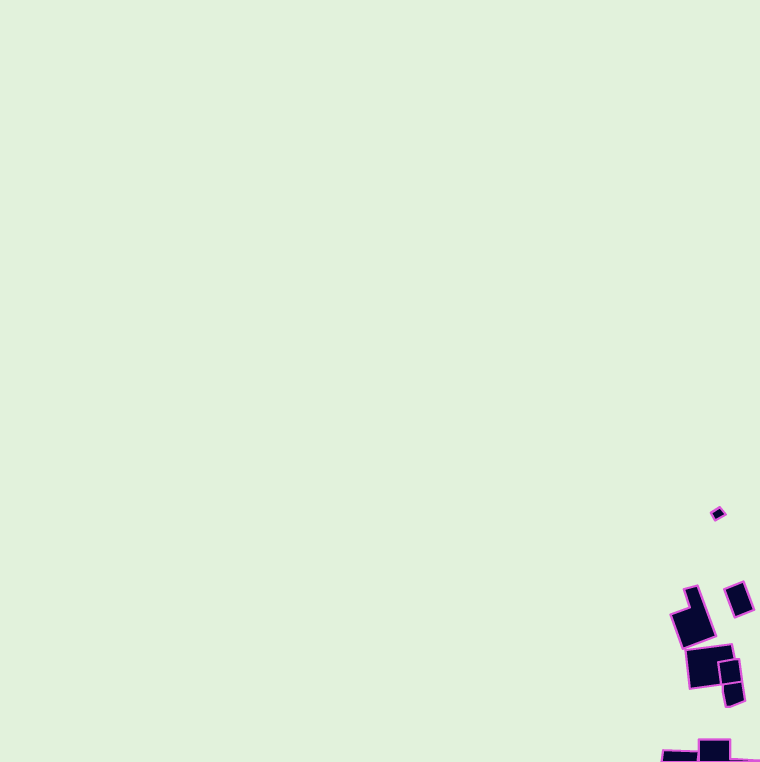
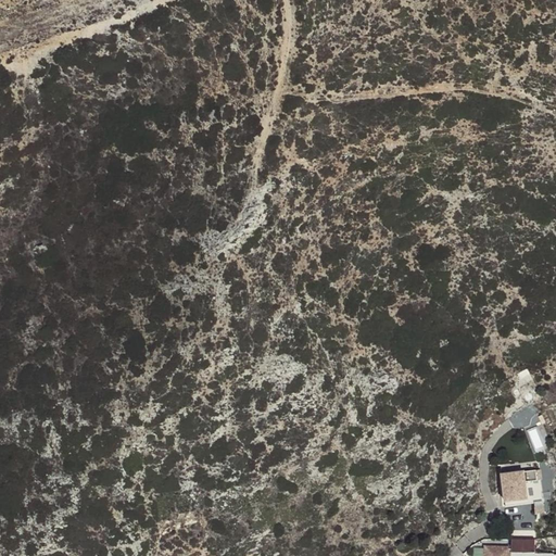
building: [670,585,716,649] -> none

